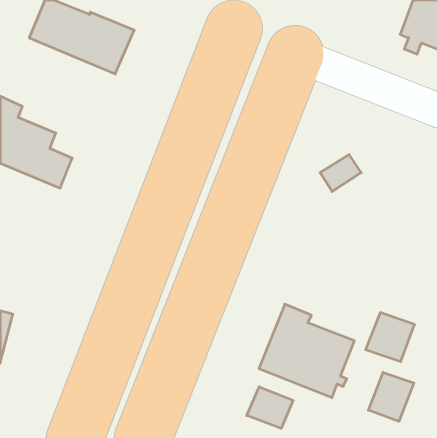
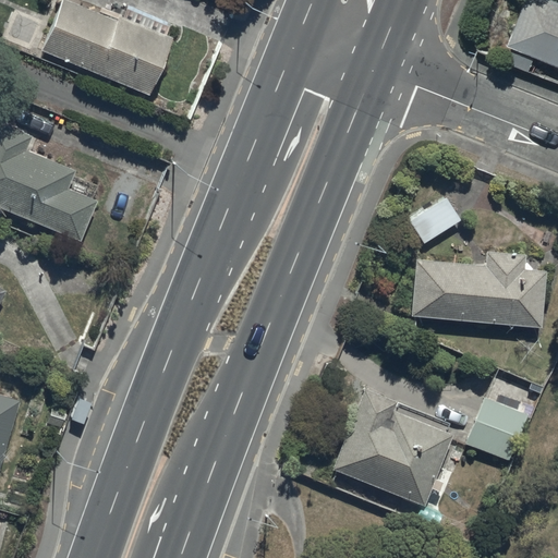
building: none -> [412,252,545,327]
building: [368,372,414,421] -> none
building: [247,387,293,428] -> none

